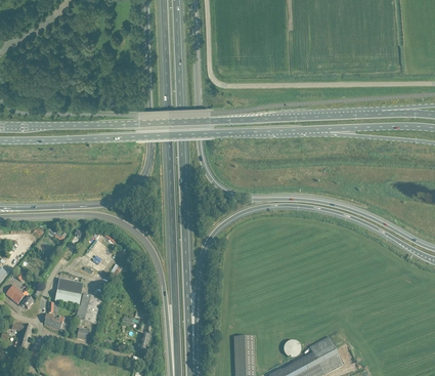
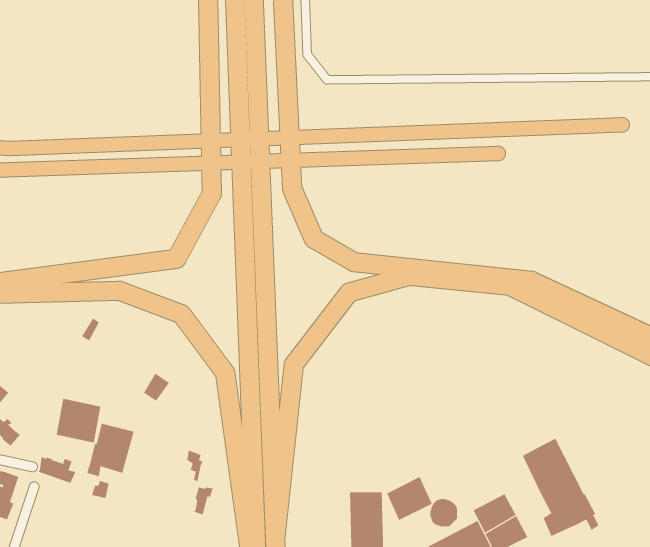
building: none -> [522,438,599,537]
building: none -> [386,476,432,521]

